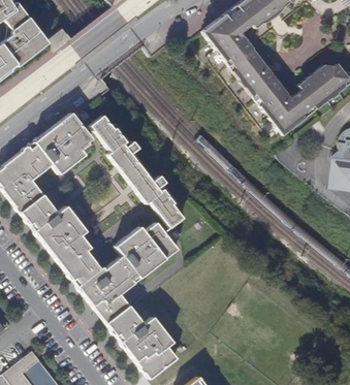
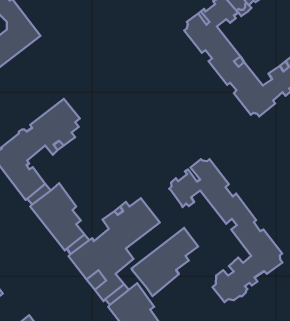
building: [91,116,183,227] -> none
building: none -> [169,159,283,302]
building: none -> [132,228,198,296]

